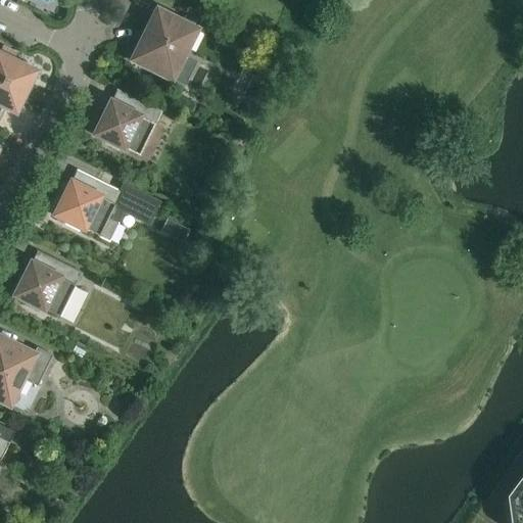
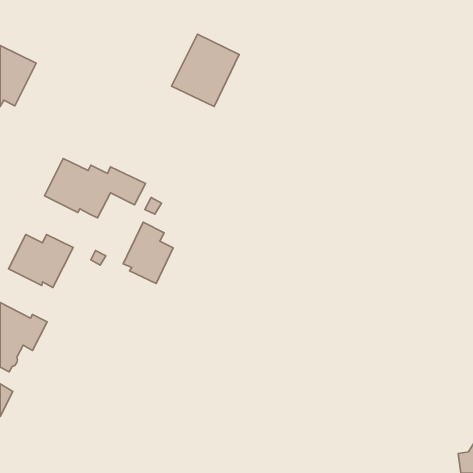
building: [127,4,201,84] -> [172,34,239,107]
building: [90,96,161,155] -> none
building: none -> [123,222,173,284]

